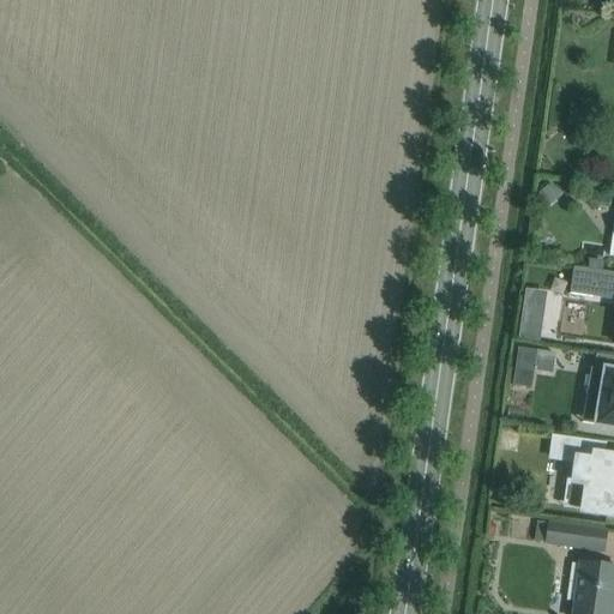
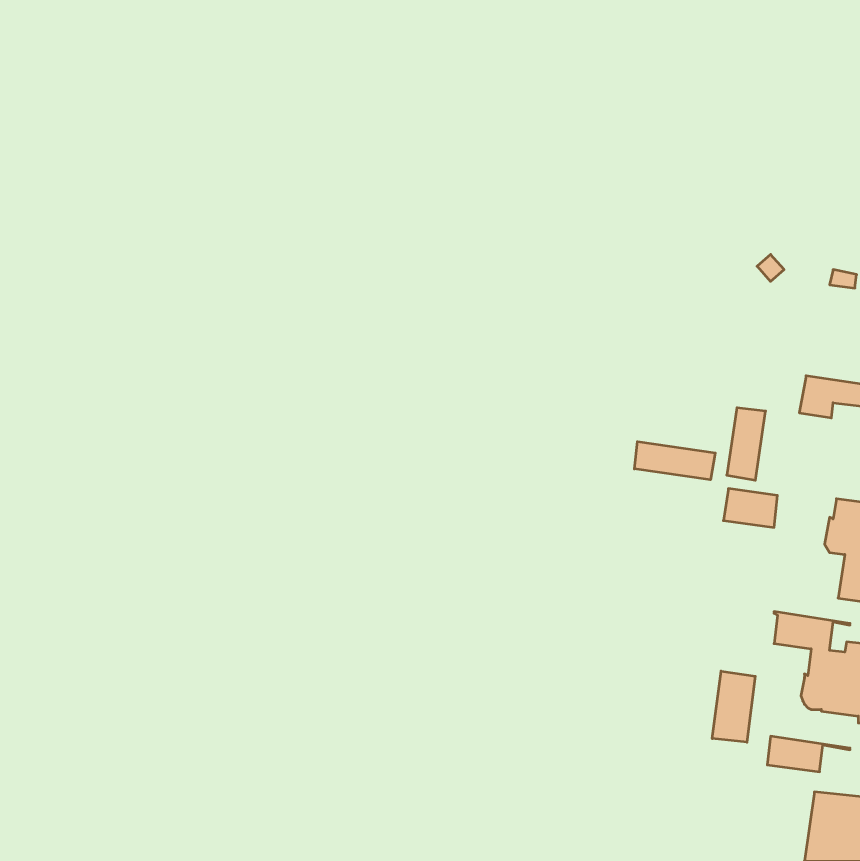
building: none -> [634,442,715,480]
building: none -> [712,671,755,742]

